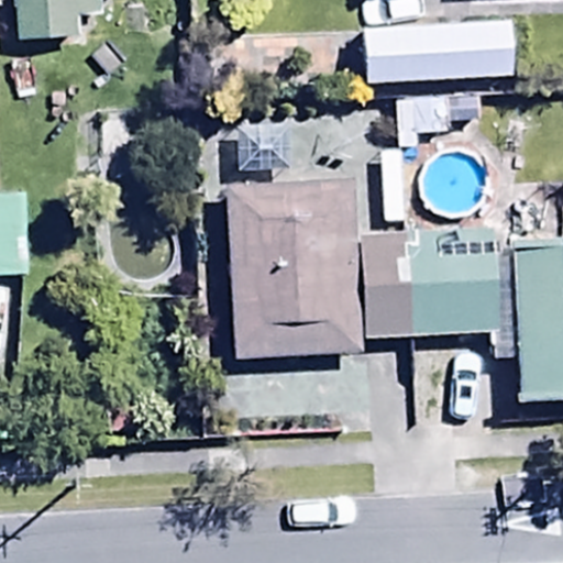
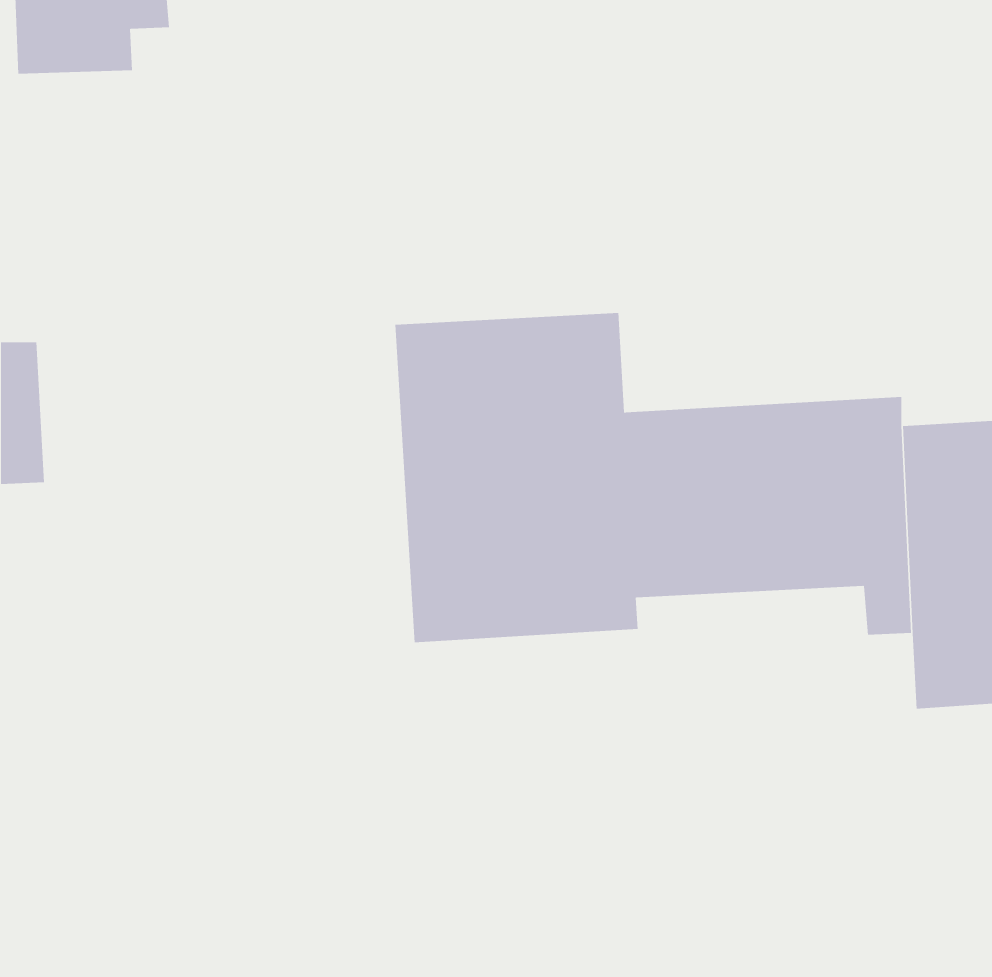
building: [364,18,514,84] -> none

